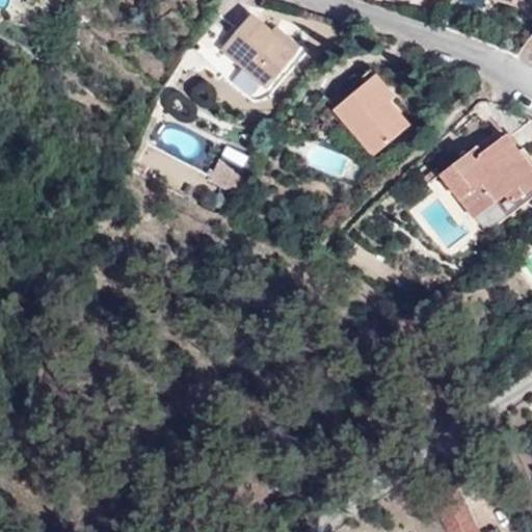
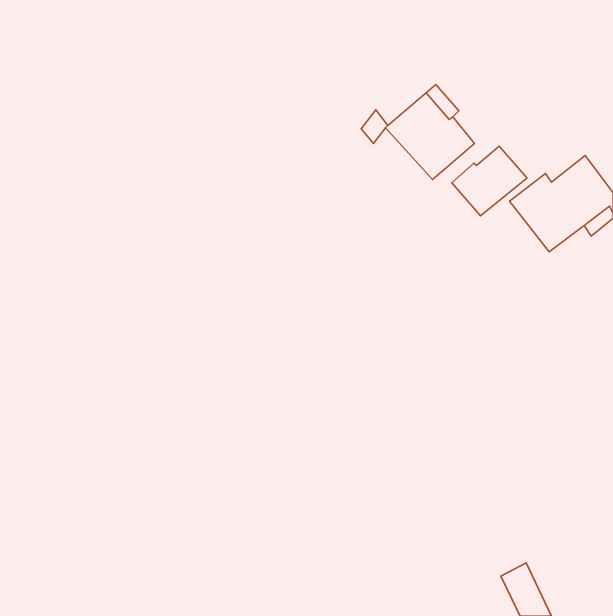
building: [221,15,299,88] -> none
building: none -> [452,146,527,216]

